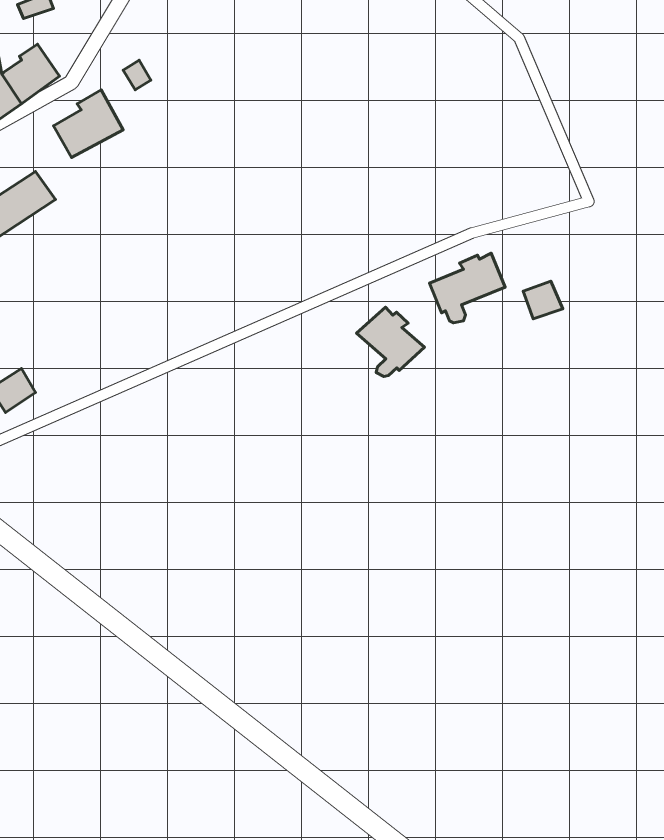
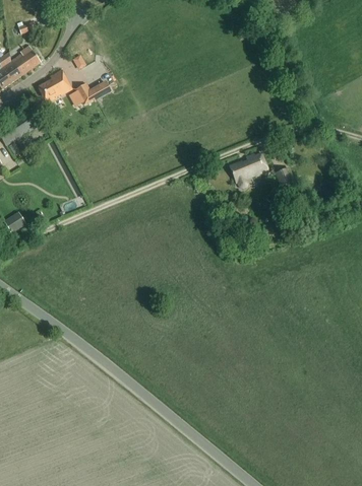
building: none -> [77,79,111,103]
building: [357,307,424,376] -> none

